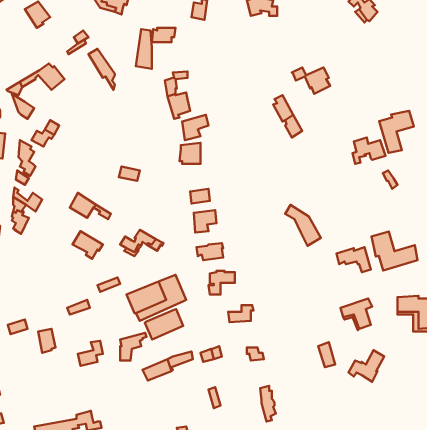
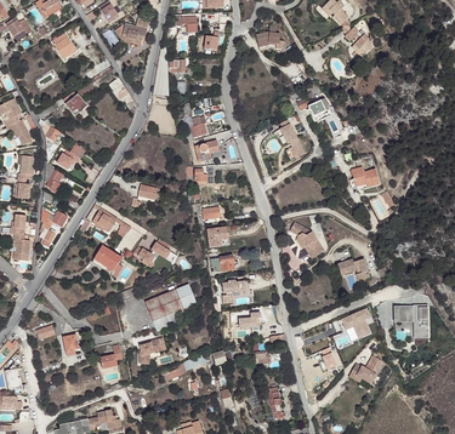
building: [379,111,414,153] -> none
building: [372,232,418,270] -> none
building: [145,309,183,340] -> none

